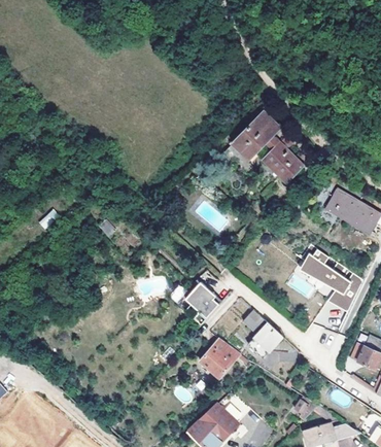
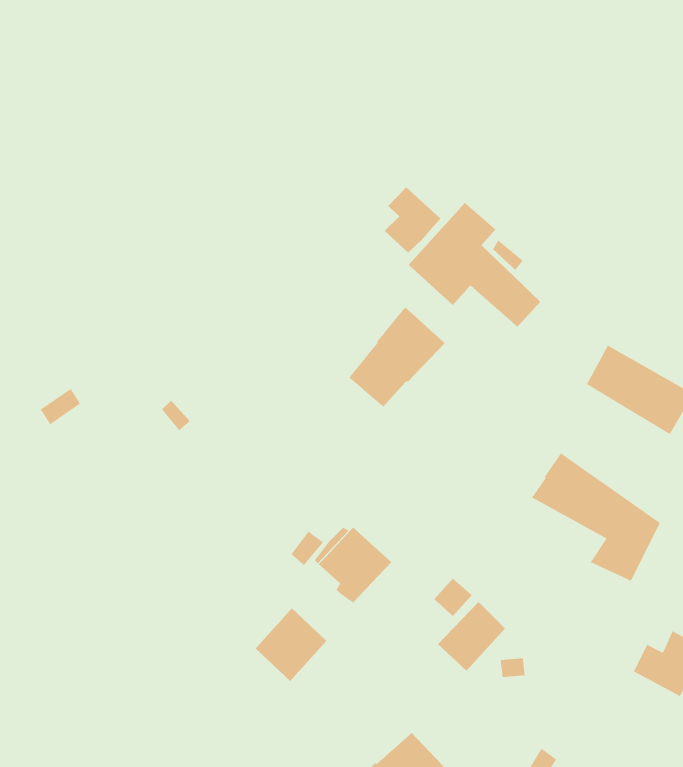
building: none -> [384,187,441,253]
building: none -> [349,306,445,407]
building: [202,340,240,379] -> [255,608,327,682]

